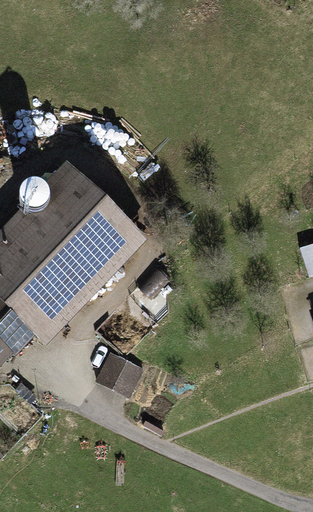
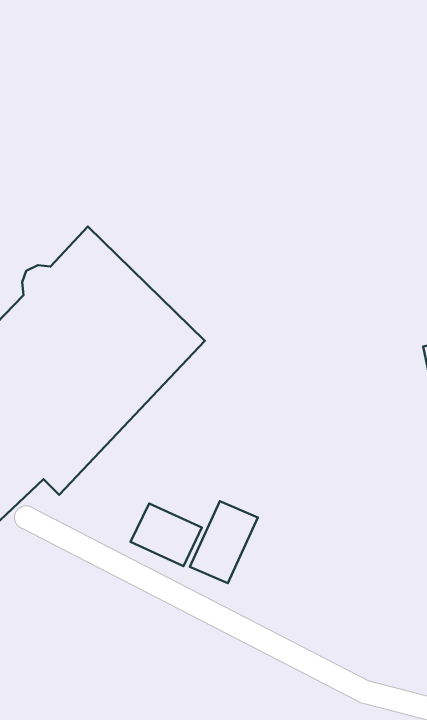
building: none -> [190,501,258,583]

